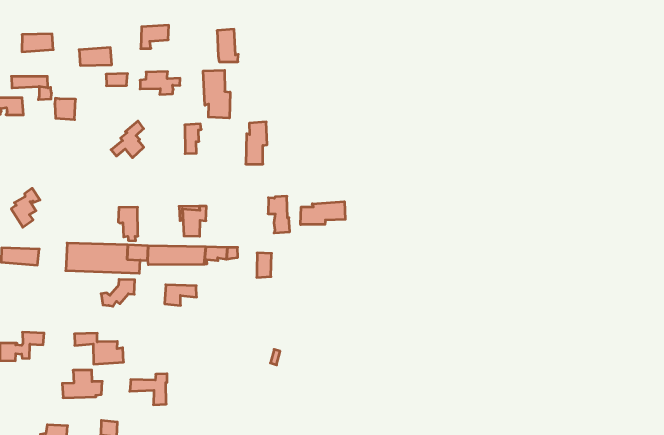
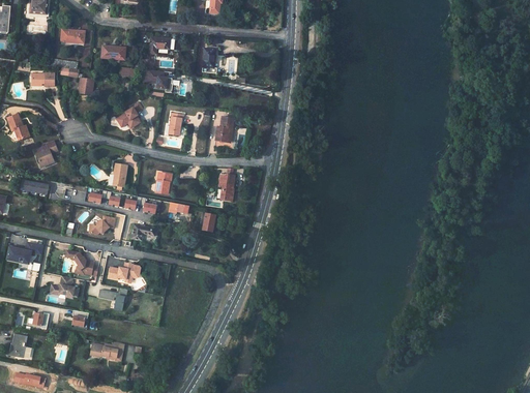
building: [203,70,230,118] -> none
building: [301,202,345,225] -> none
building: none -> [109,263,143,284]

